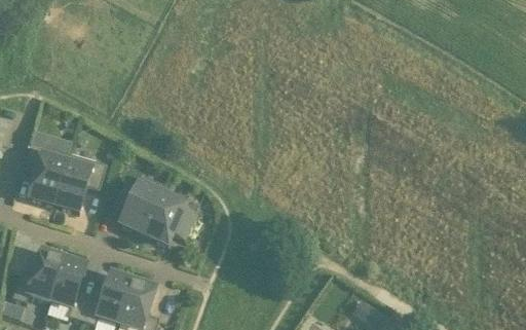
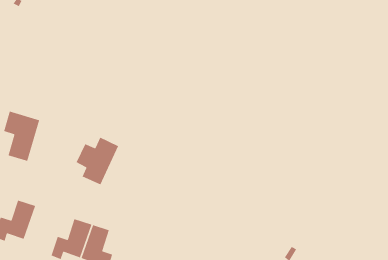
building: [53,152,106,211] -> none
building: [143,184,195,244] -> none
building: [49,257,89,319] -> none

